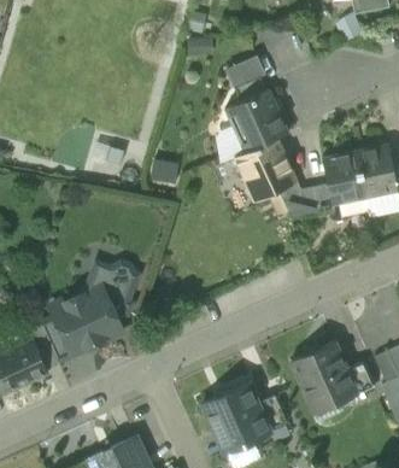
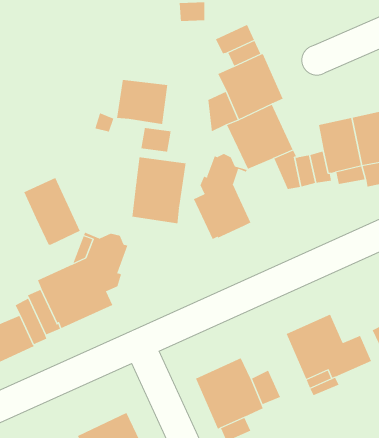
building: none -> [117,79,168,125]
building: none -> [193,153,251,240]
building: none -> [132,156,186,224]
building: none -> [23,177,80,246]

